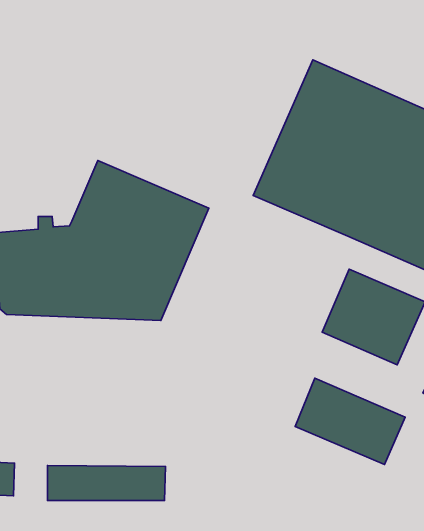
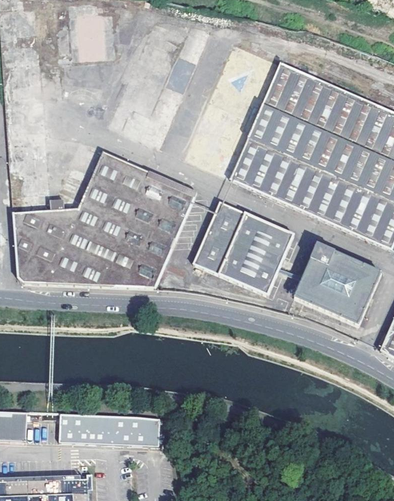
building: none -> [192,201,293,295]
building: [295,378,405,465] -> none

